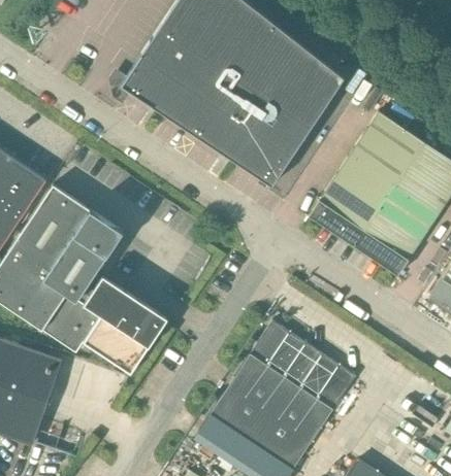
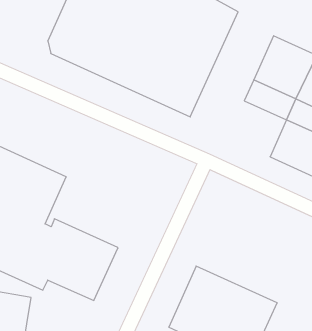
building: [308,179,377,246] -> none
building: [250,321,355,410] -> none

